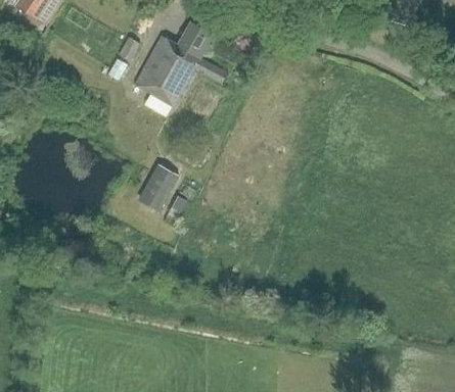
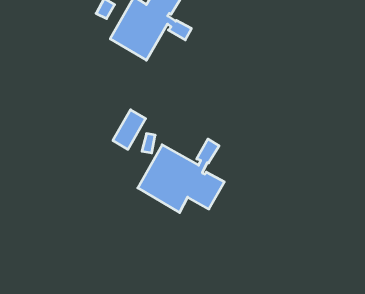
building: none -> [138,139,224,213]

